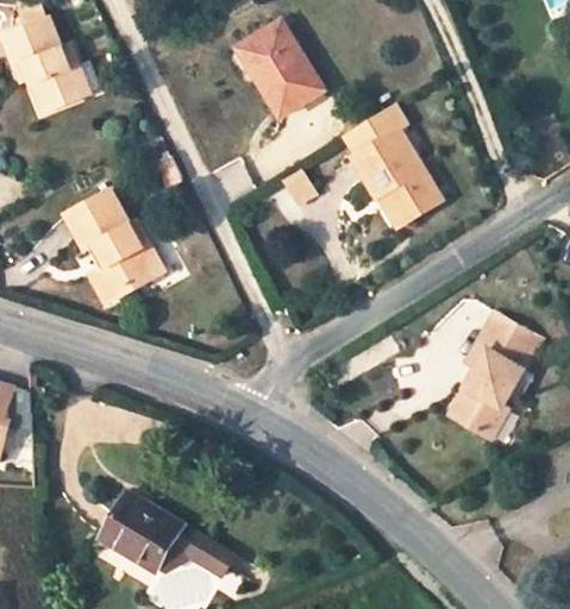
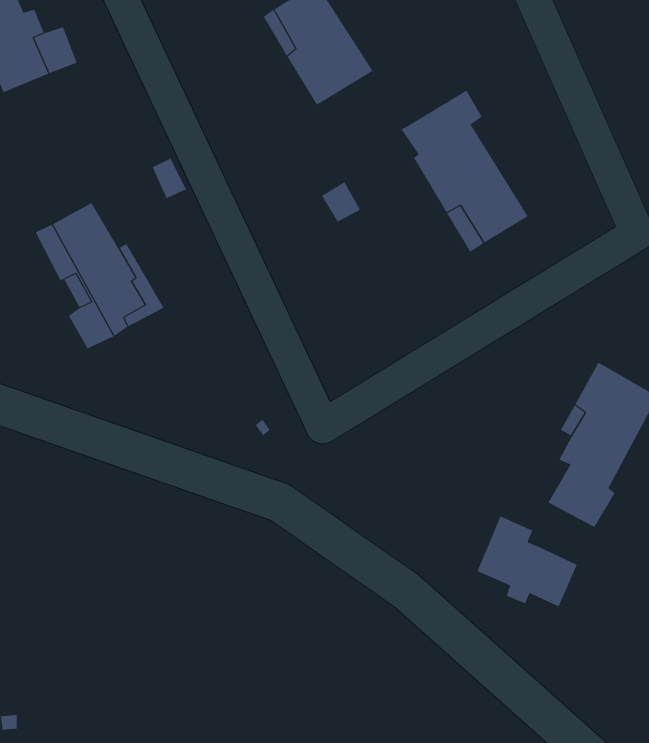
building: none -> [477,516,577,607]
building: [101,492,236,579] -> none

